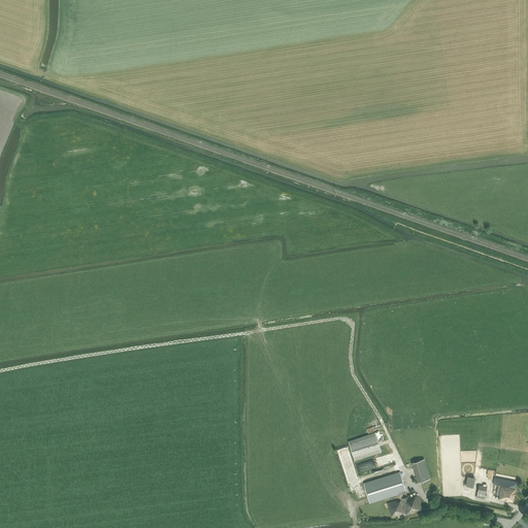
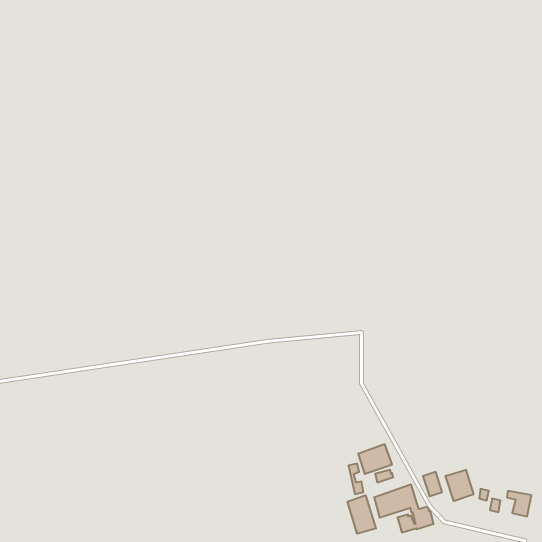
building: none -> [446,470,473,501]
building: none -> [348,495,376,534]

